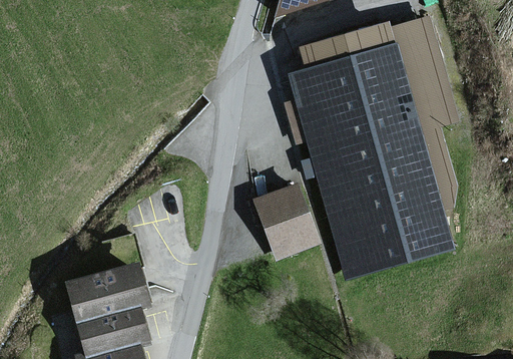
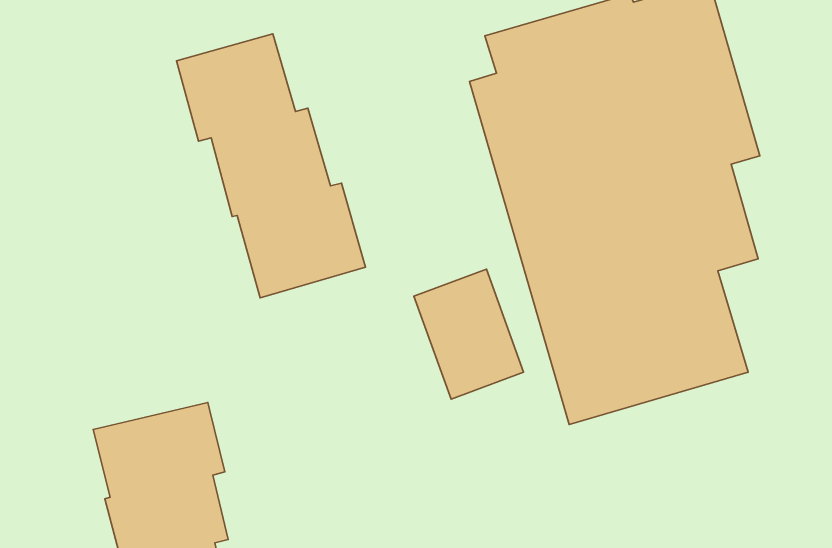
building: none -> [177,34,365,298]

